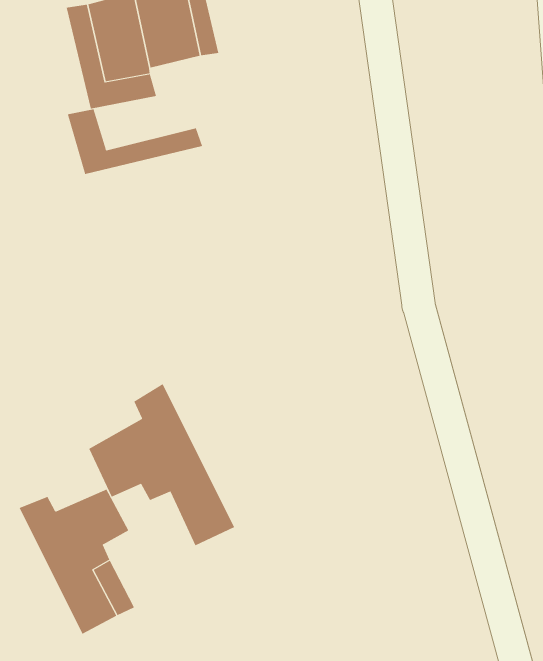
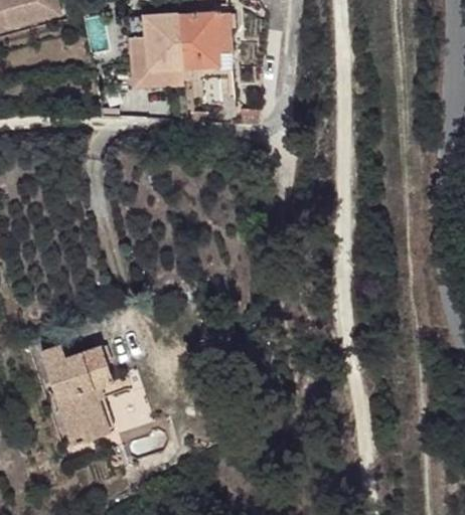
building: [67,109,203,175] -> none
building: [89,383,235,546] -> none

